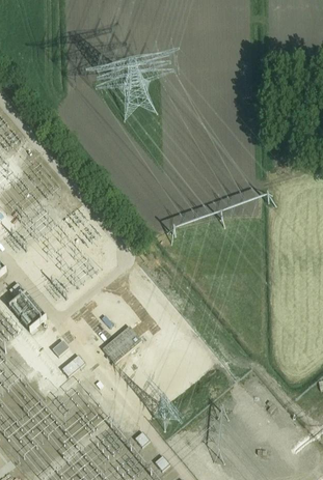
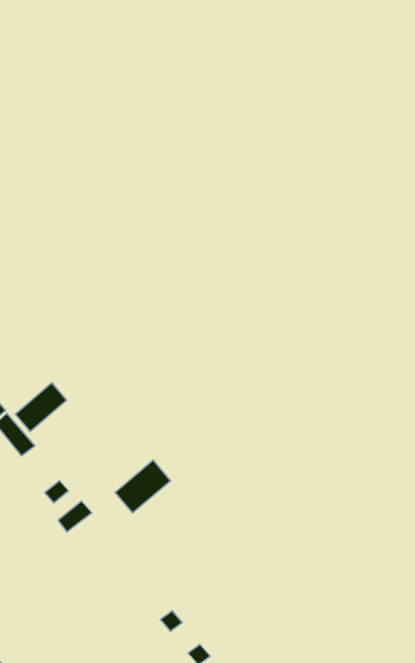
building: none -> [16,383,67,432]

